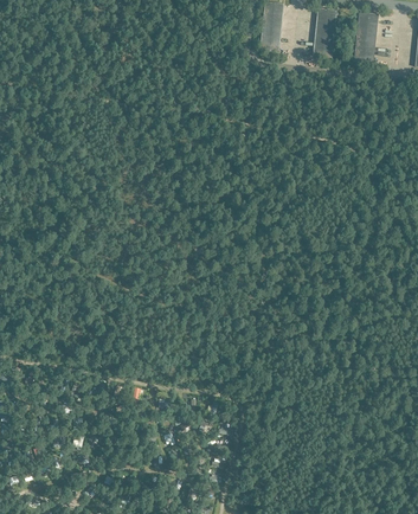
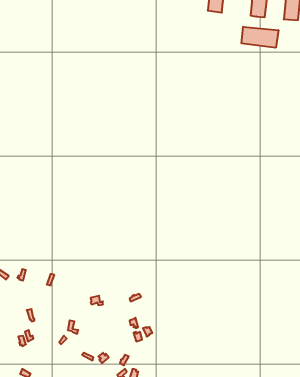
building: none -> [242,27,278,48]

